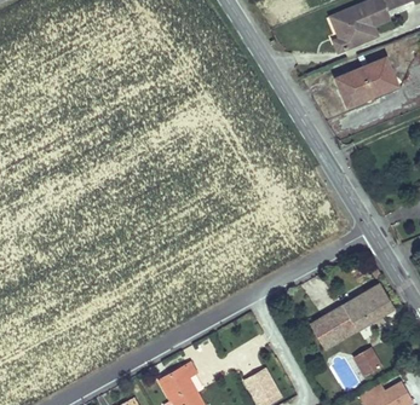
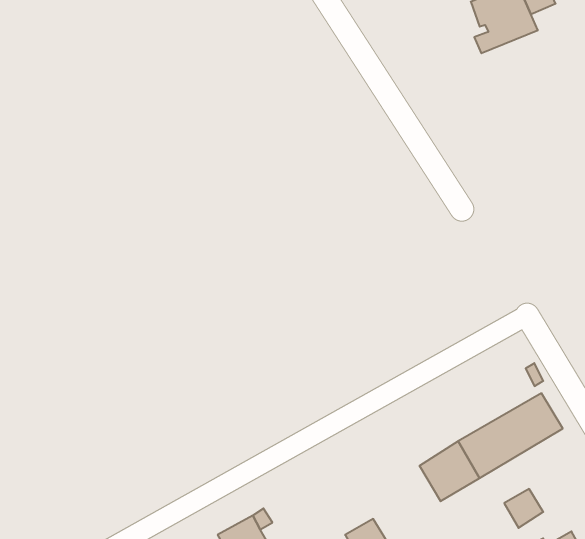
building: [335,57,398,106] -> none

